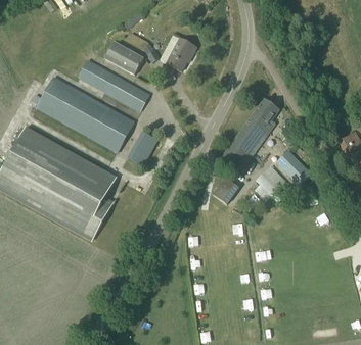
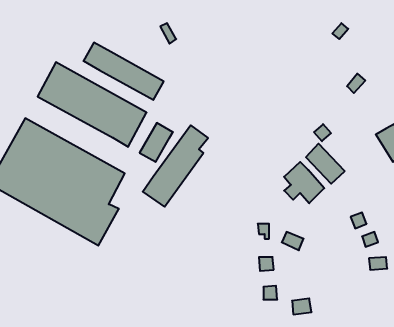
building: [167,38,196,70] -> none
building: [104,41,144,75] -> none
building: [221,98,279,170] -> [143,125,208,207]
building: [214,175,242,203] -> none

